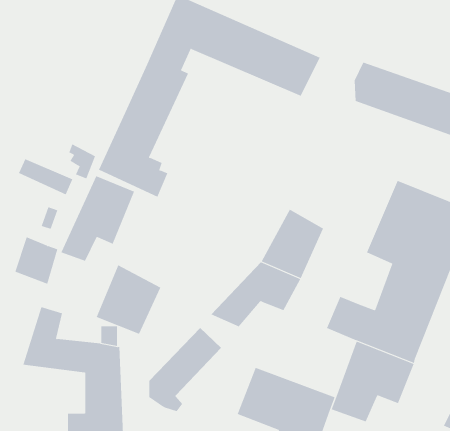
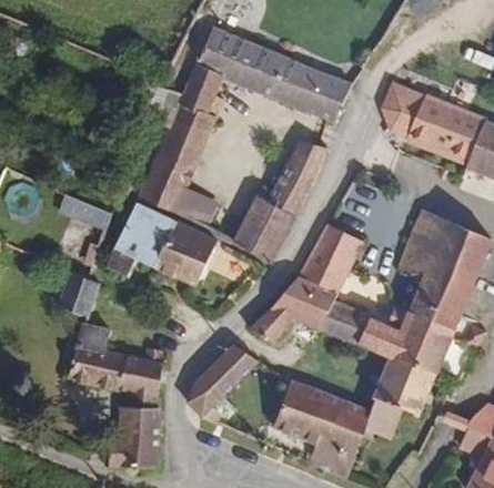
building: none -> [231,136,324,257]
building: [96,264,161,334] -> [151,215,214,283]
building: none -> [316,299,371,347]

